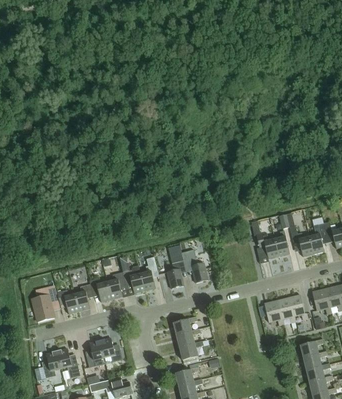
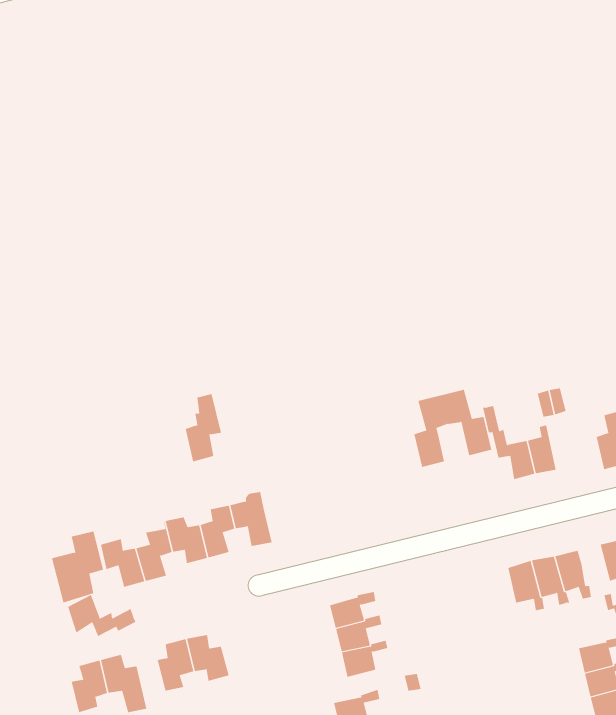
building: [289,227,313,257] -> none
building: [167,249,207,289] -> [414,389,492,467]
building: [140,256,159,291] -> [185,394,222,462]
building: none -> [67,594,136,637]

